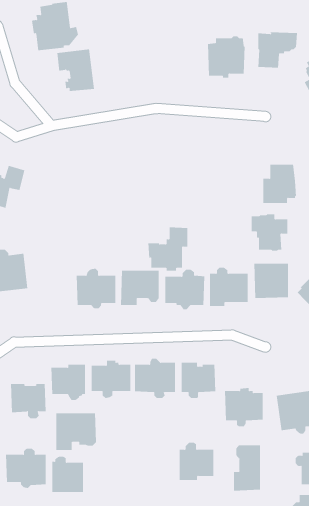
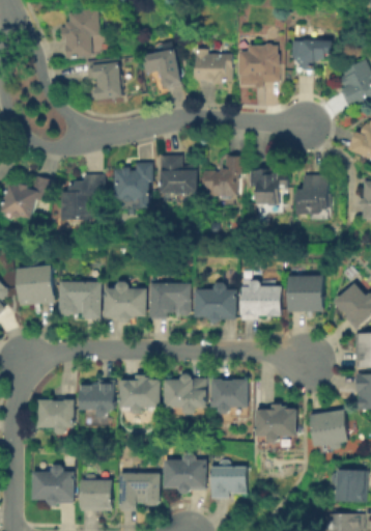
building: none -> [143,48,181,87]
building: none -> [193,48,231,84]
building: none -> [161,155,197,194]
building: none -> [113,162,151,208]
building: none -> [60,173,104,221]
building: [251,214,288,251] -> [249,167,287,205]
building: [148,227,188,271] -> [201,153,242,199]
building: none -> [58,282,101,319]
building: [55,413,97,450] -> [118,473,161,511]
building: none -> [164,453,206,496]
building: [233,445,261,491] -> none

